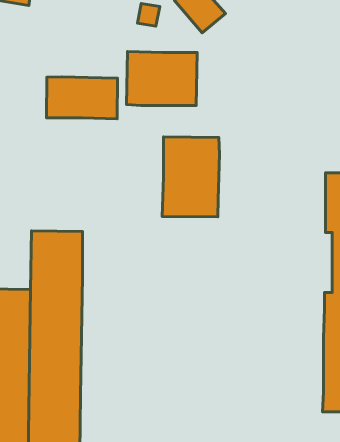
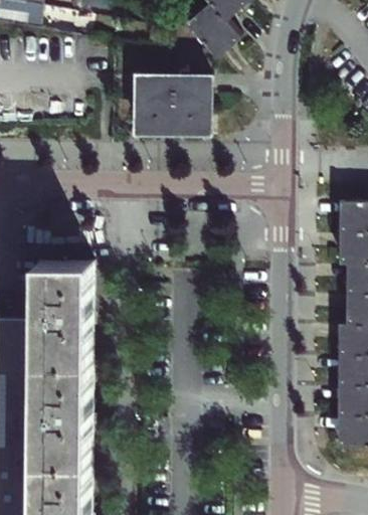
building: [46,77,117,119] -> none
building: [162,137,219,217] -> none

